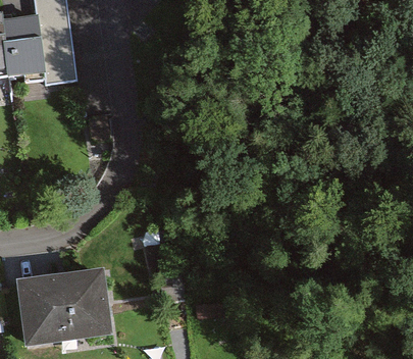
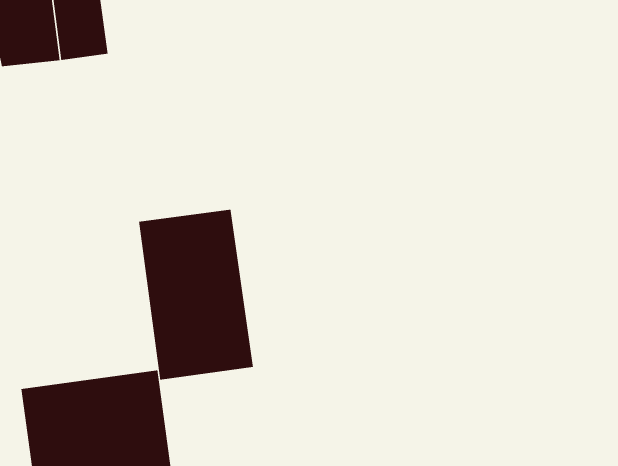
building: none -> [138,209,254,380]

